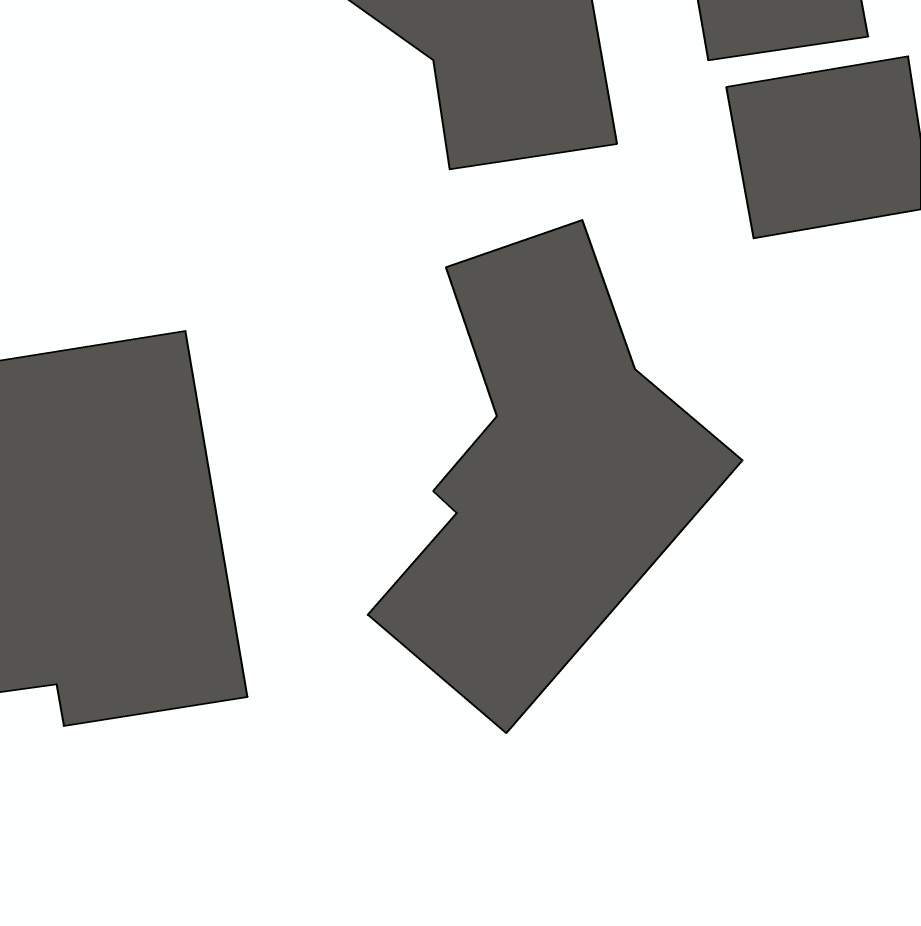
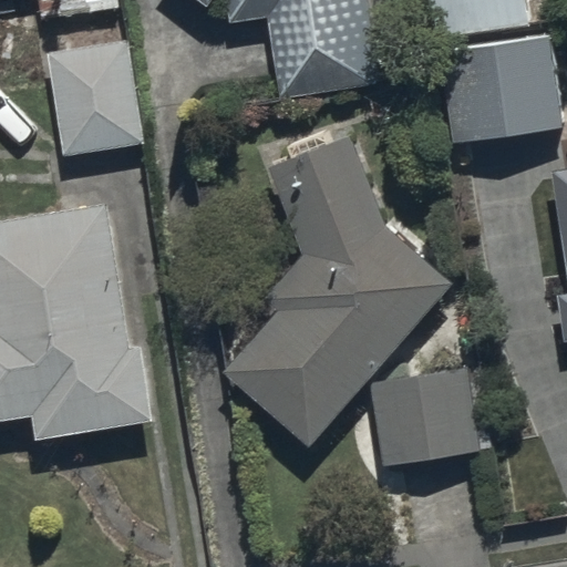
building: none -> [51,37,138,155]
building: none -> [369,372,481,466]

